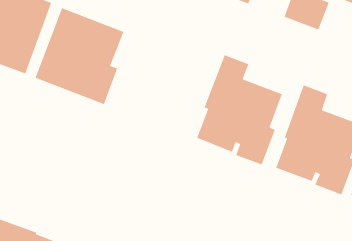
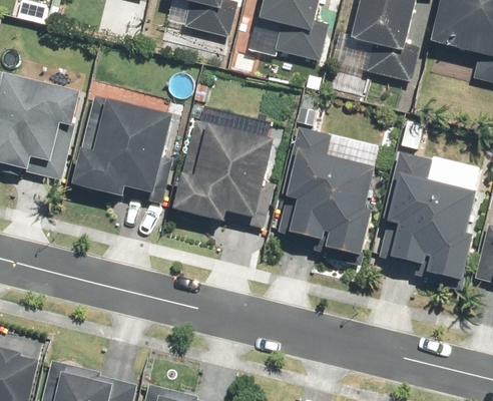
building: none -> [174,119,275,230]

